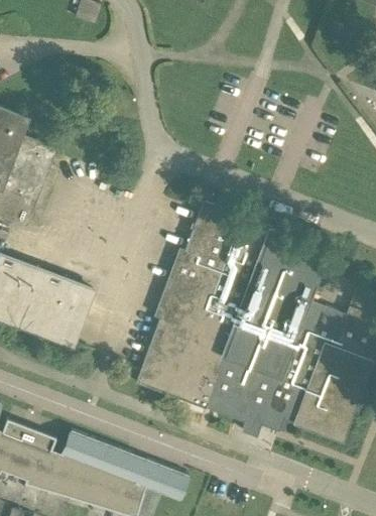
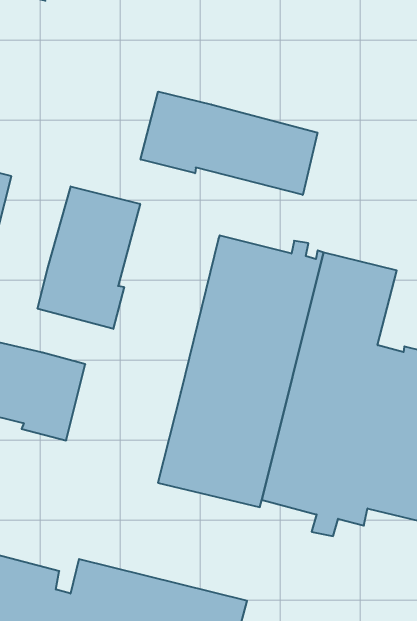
building: none -> [141,92,317,195]
building: none -> [38,186,140,329]

